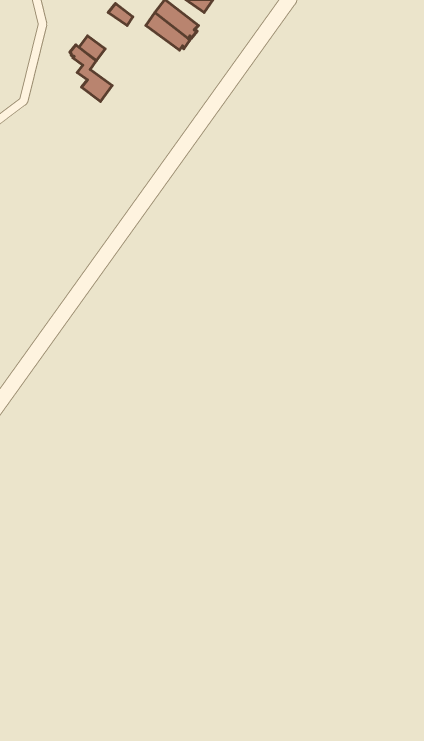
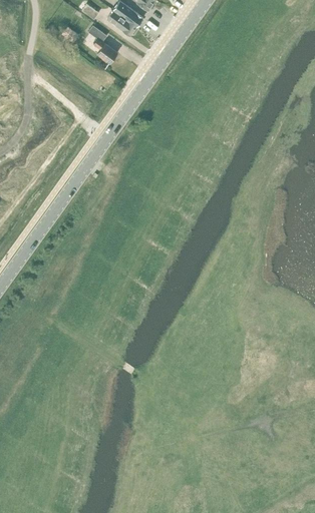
building: [70,45,112,102] -> [88,24,117,63]

